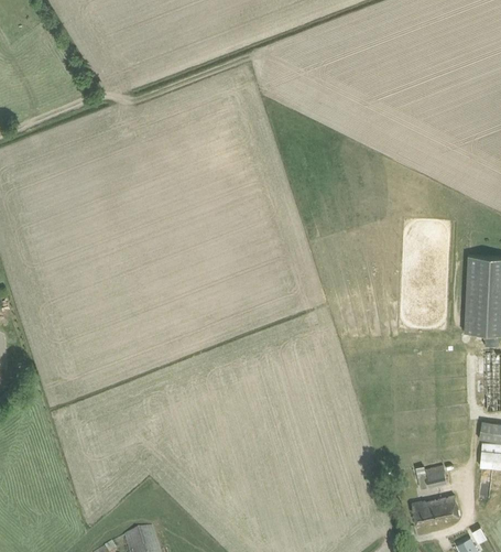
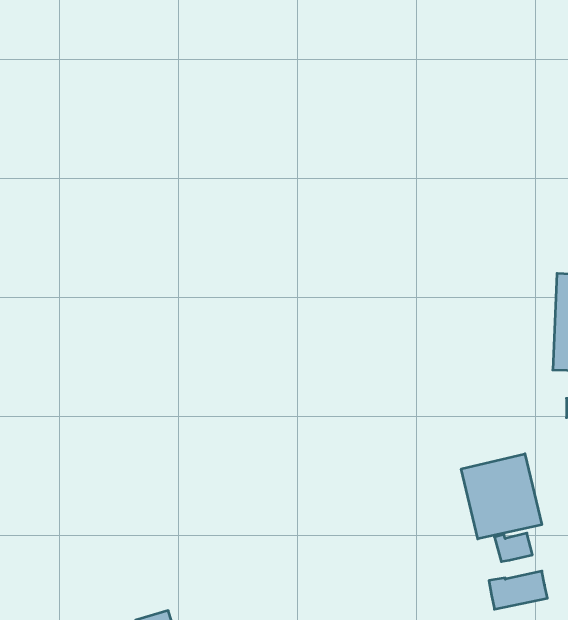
building: none -> [461,454,542,539]

